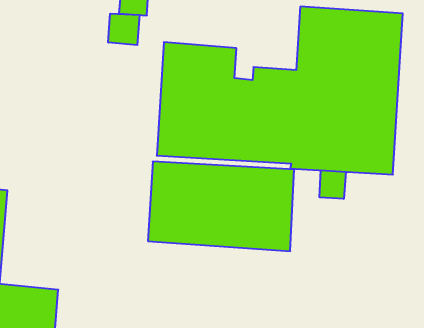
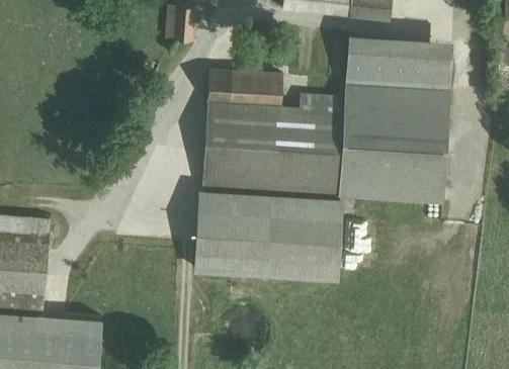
building: [108,14,139,45] -> none
building: [320,170,346,199] -> none

